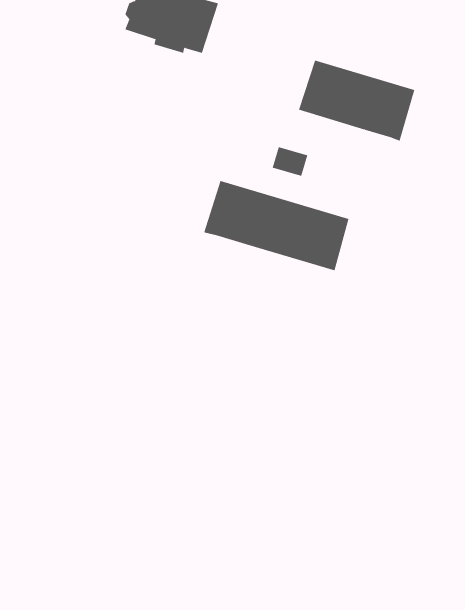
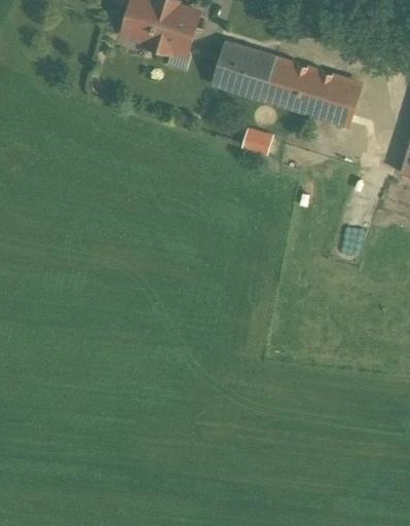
building: none -> [212,42,276,100]
building: [204,180,349,271] -> none

